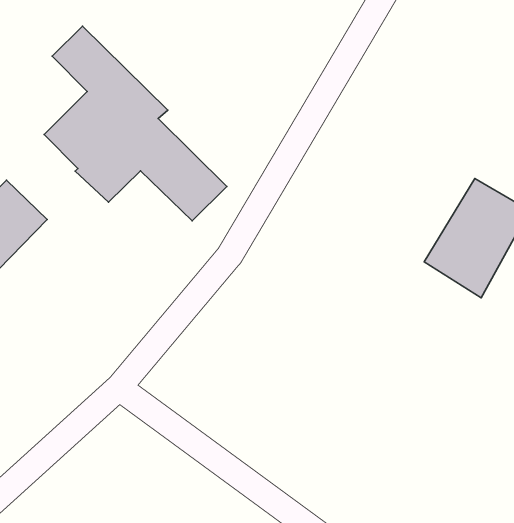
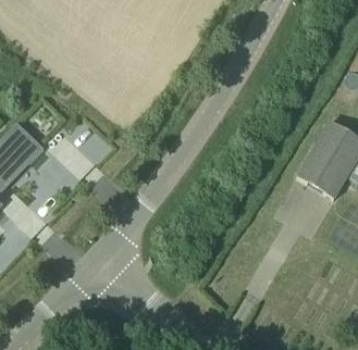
building: [44,26,227,221] -> none

